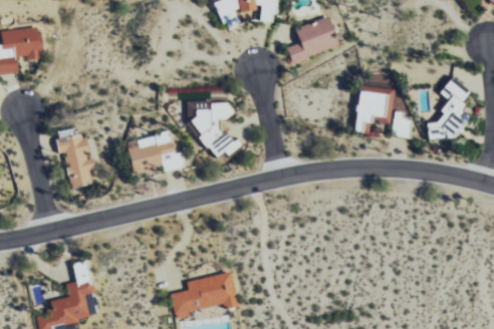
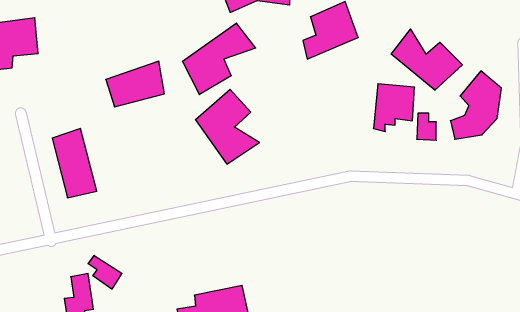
building: none -> [183,23,256,95]
building: none -> [391,29,462,90]
building: [125,132,179,175] -> [106,61,164,107]
building: none -> [88,255,122,289]

